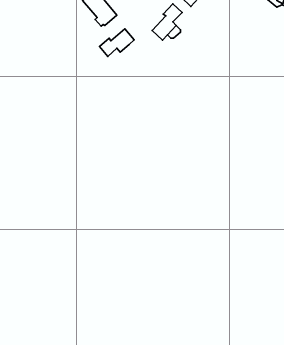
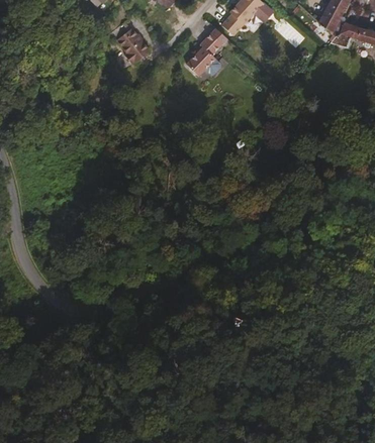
building: [99,29,134,57] -> none

